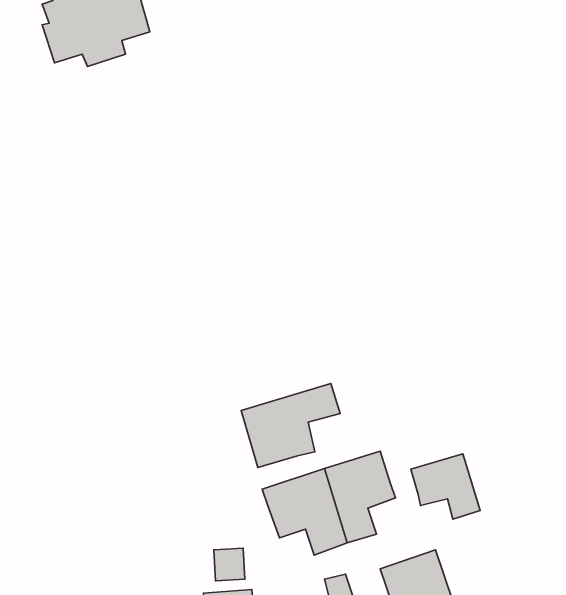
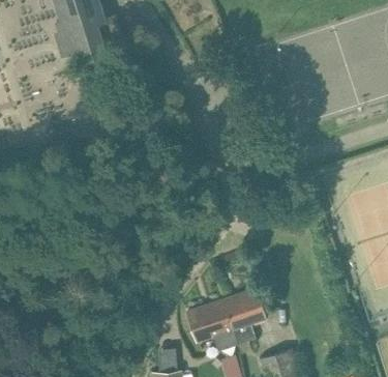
building: [241,383,340,468] -> none
building: [411,454,480,519] -> none

